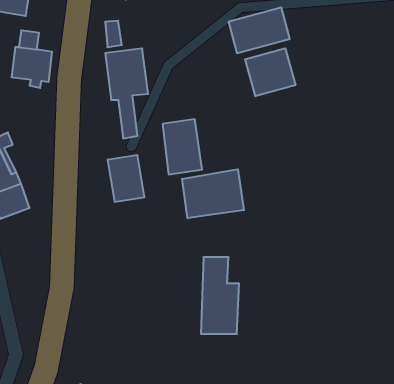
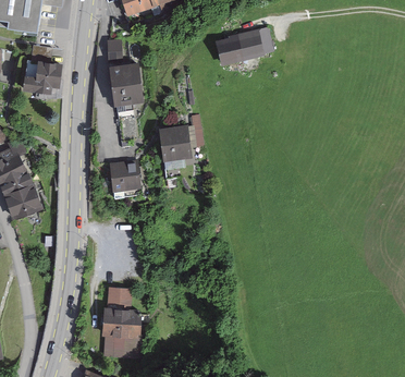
building: [245,48,295,96] -> none
building: [182,169,244,218] -> none
building: [201,257,239,334] -> [106,287,140,356]

